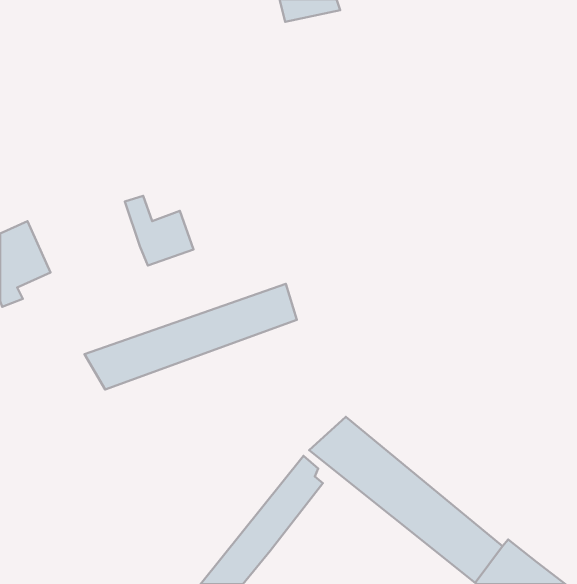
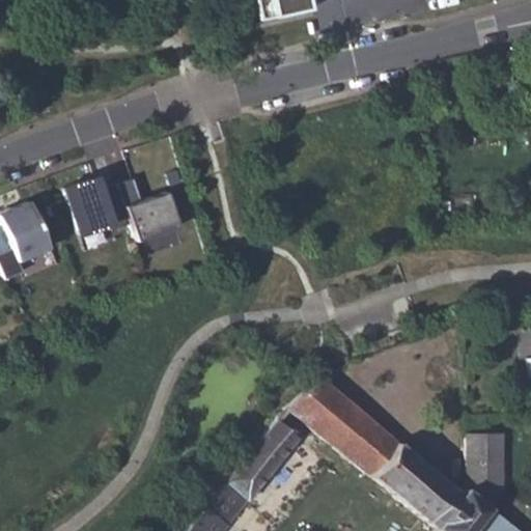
building: none -> [68,176,134,234]
building: [85,284,297,389] -> none
building: none -> [468,432,506,509]

